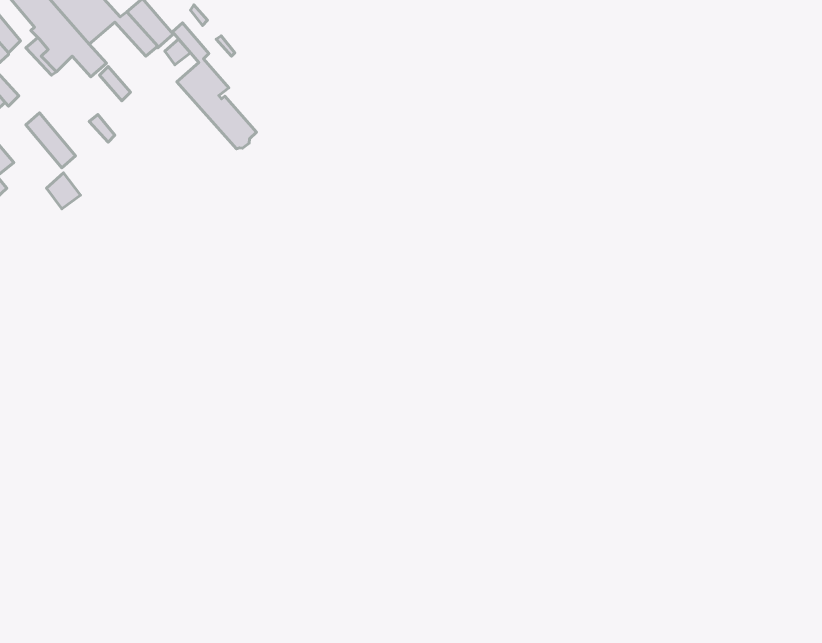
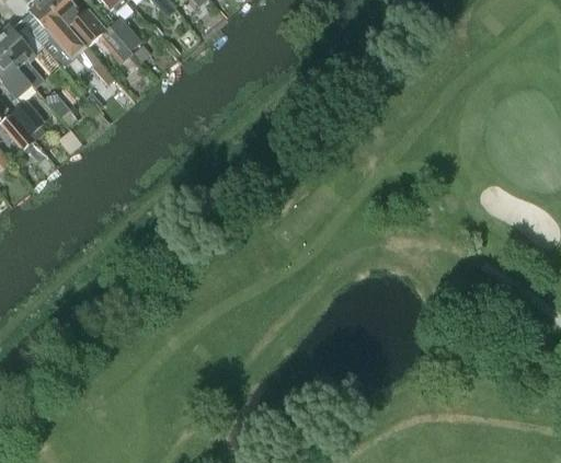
building: [172,23,256,149] -> none

